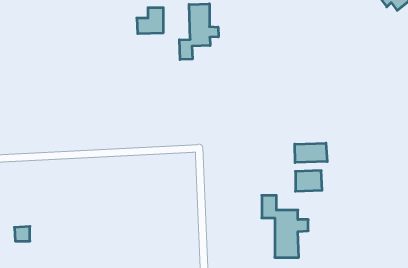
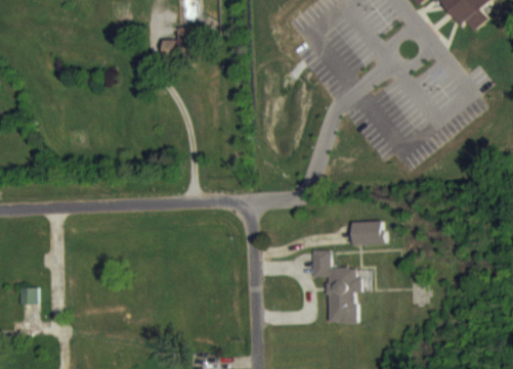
building: [179,4,218,60] -> none
building: [295,143,327,163] -> none

